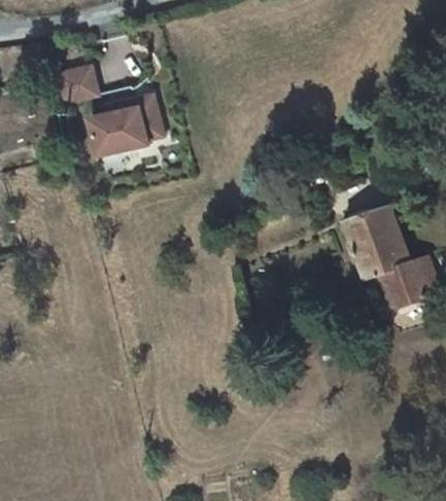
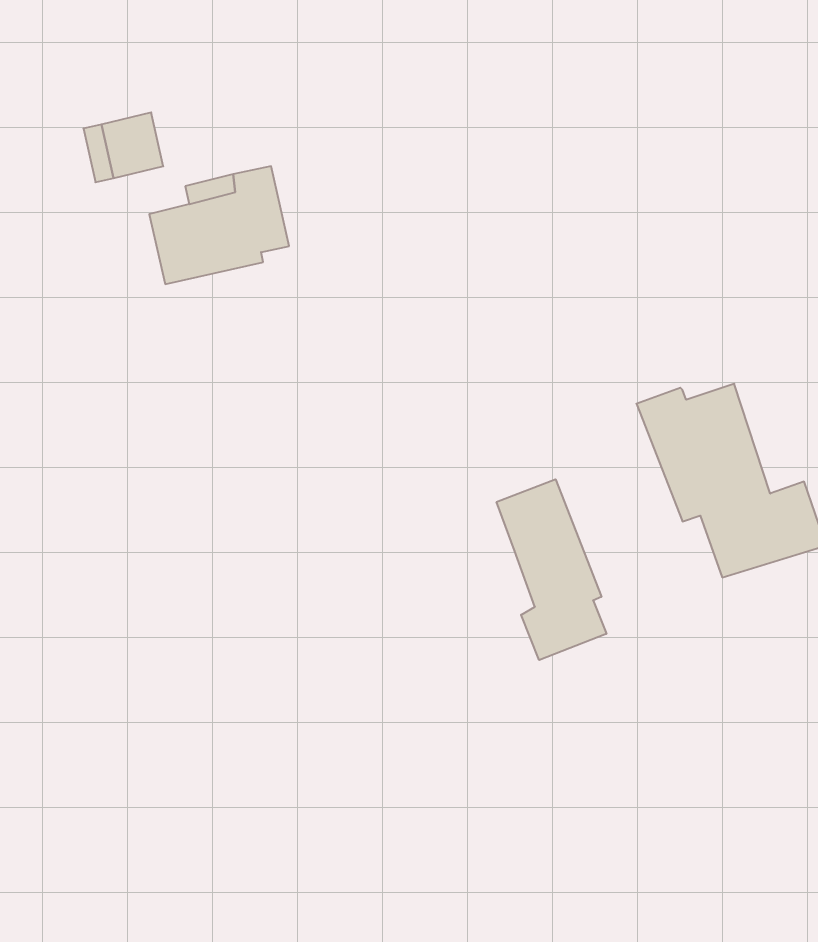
building: none -> [497,479,606,660]

